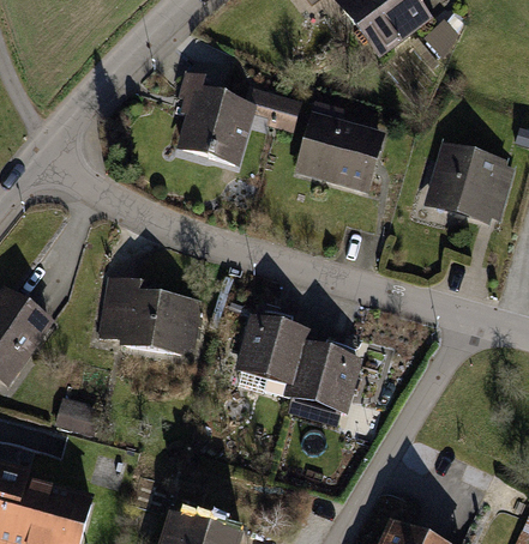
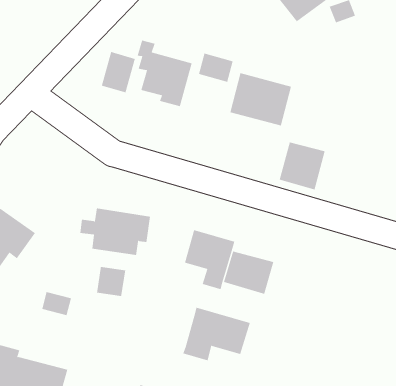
building: none -> [101,51,135,93]
building: [435,151,495,213] -> [279,142,325,190]
building: none -> [96,266,126,297]
building: none -> [183,307,250,361]

